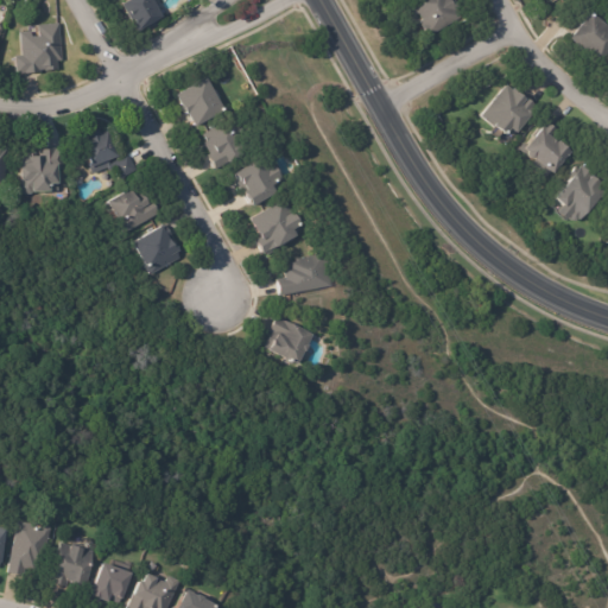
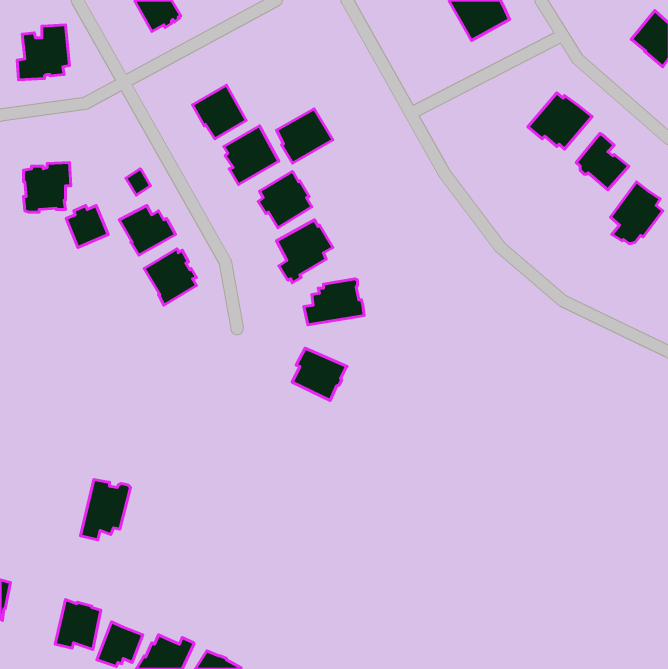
building: none -> [277,109,333,163]
building: [82,128,120,166] -> [66,206,108,247]
building: [8,521,53,576] -> [81,480,130,540]

